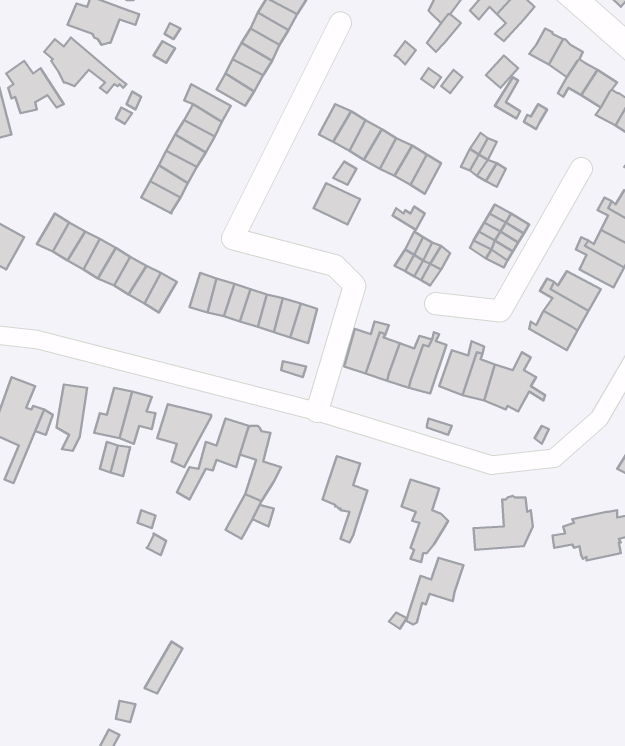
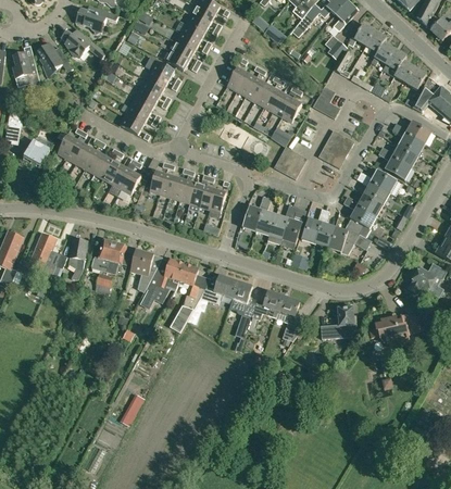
building: none -> [348,198,377,237]
building: none -> [195,275,238,309]
building: [406,558,463,624] -> [248,291,283,331]

